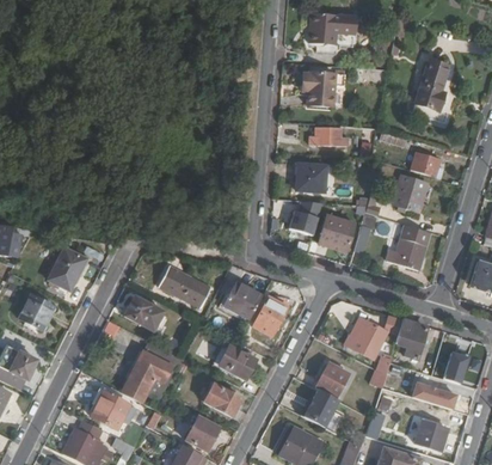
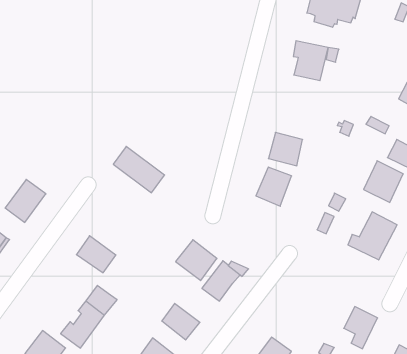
building: [308,126,349,146] -> none
building: [318,214,355,249] -> none
building: [161,267,213,307] -> [113,146,165,193]
building: [343,316,376,354] -> none

